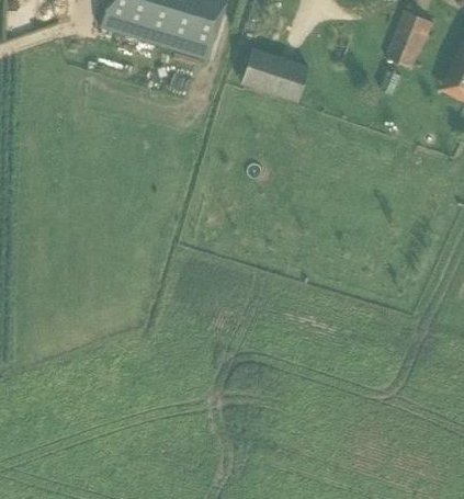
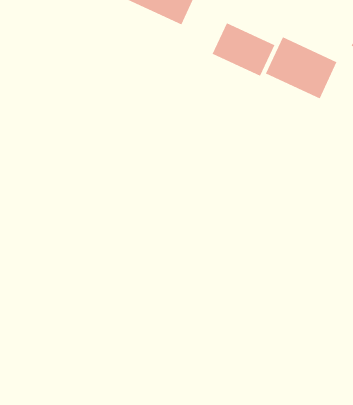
building: none -> [265,36,337,100]

